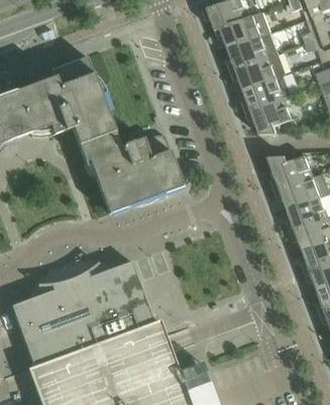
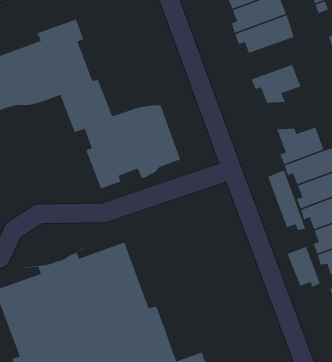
building: [242,75,291,112] -> none
building: none -> [267,169,306,232]
building: none -> [287,246,321,288]

